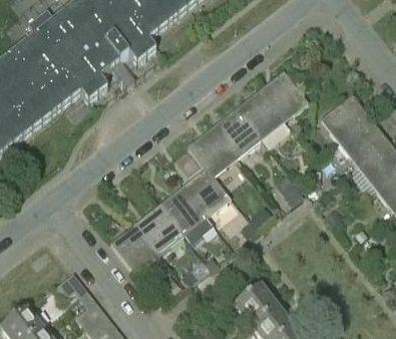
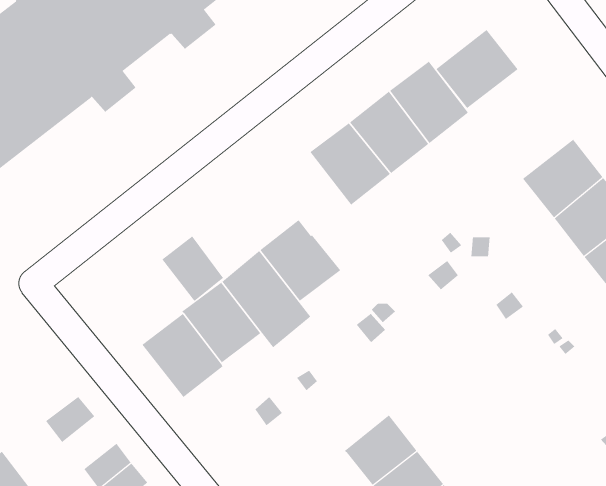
building: [321,92,371,140] -> [435,29,518,109]
building: [187,124,237,175] -> none
building: none -> [161,236,224,302]

